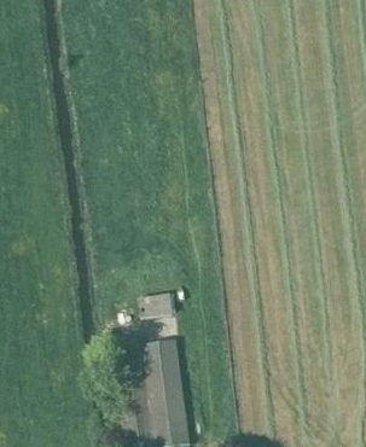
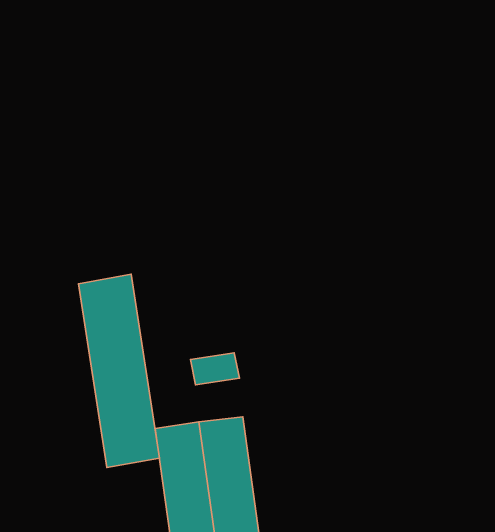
building: none -> [78,274,159,468]

